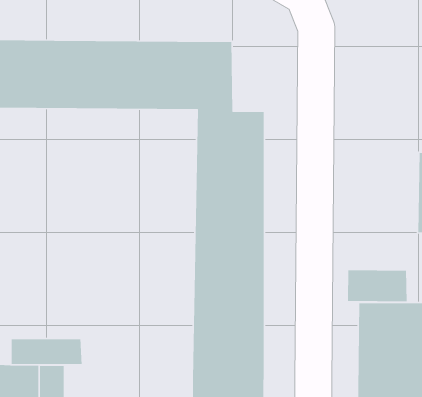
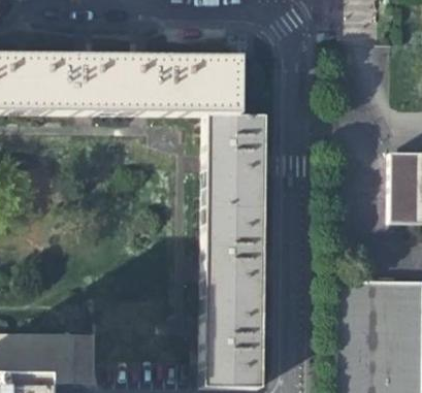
building: [347,270,408,302] -> none
building: [11,339,83,365] -> none

